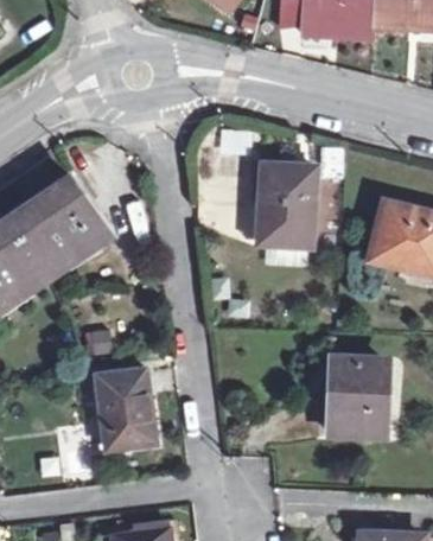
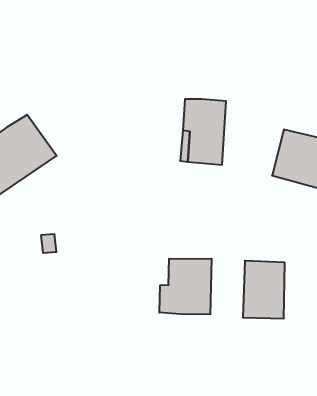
building: none -> [159,259,212,314]
building: [97,368,153,445] -> none

